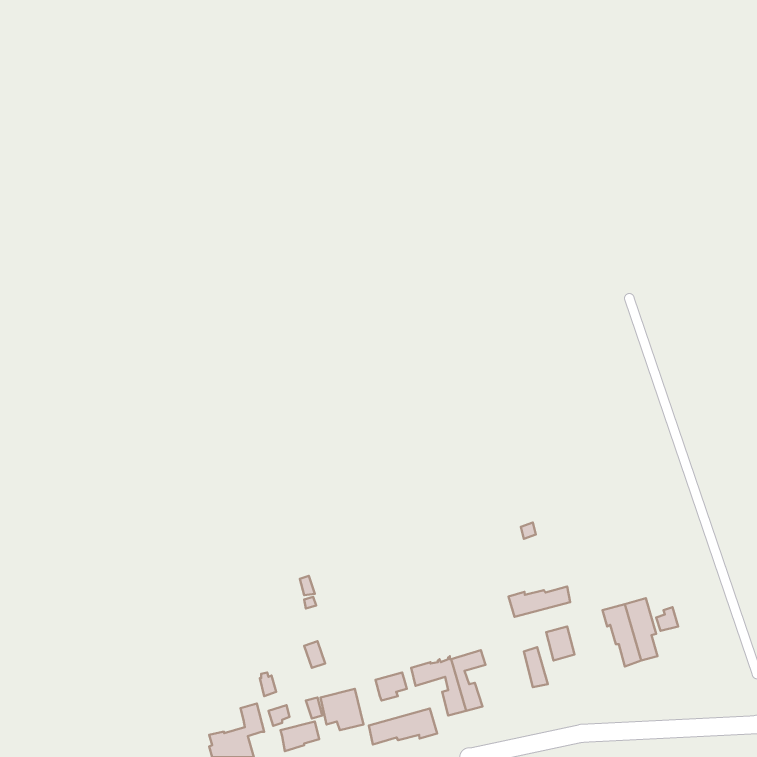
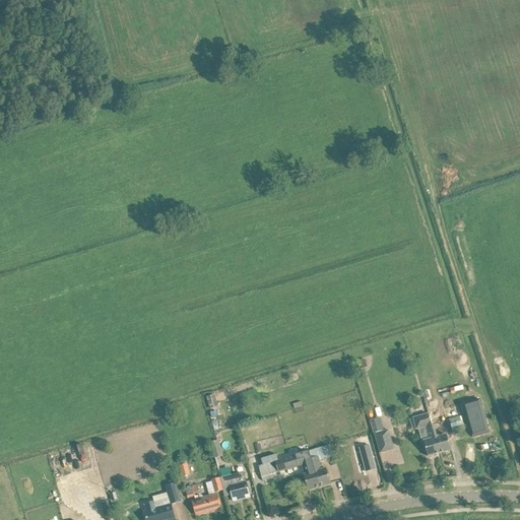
building: none -> [461,398,489,437]
building: [509,586,570,617] -> none
building: [369,709,437,745] -> none

